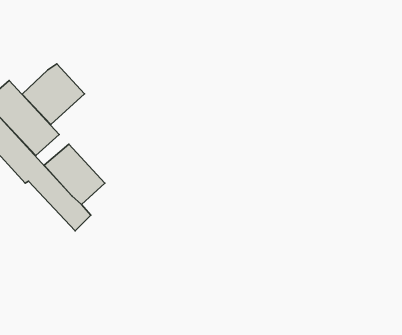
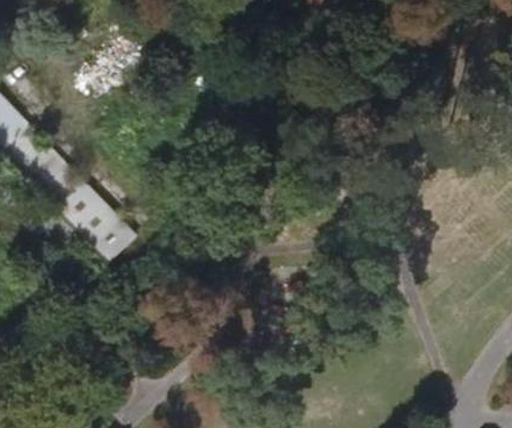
building: [22,64,84,124] -> none

